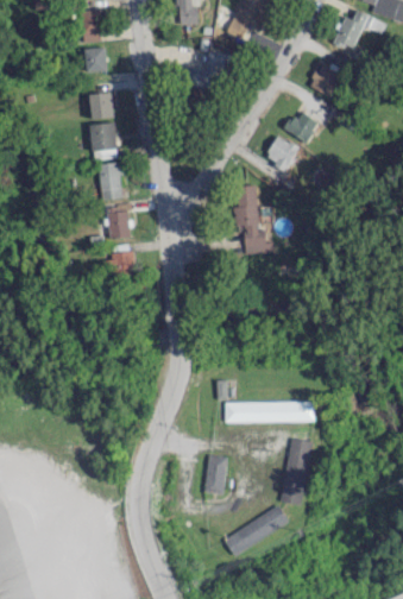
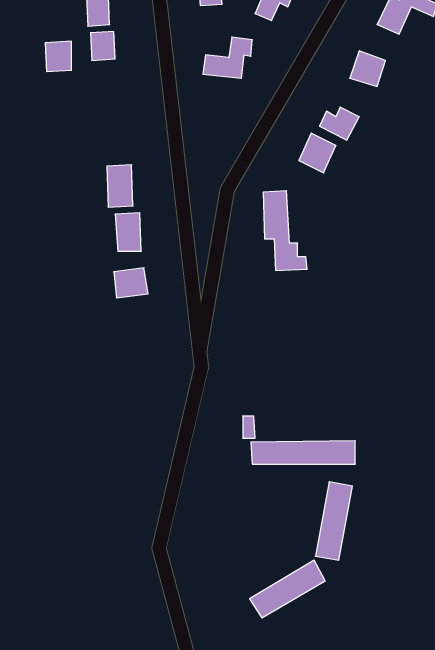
building: [90,93,113,119] -> [45,41,71,72]
building: [93,122,117,152] -> none
building: [204,455,227,494] -> none

